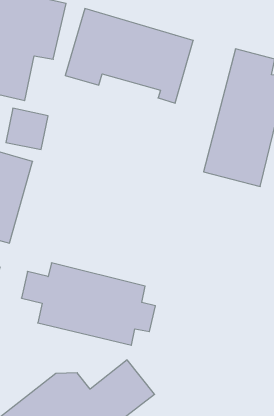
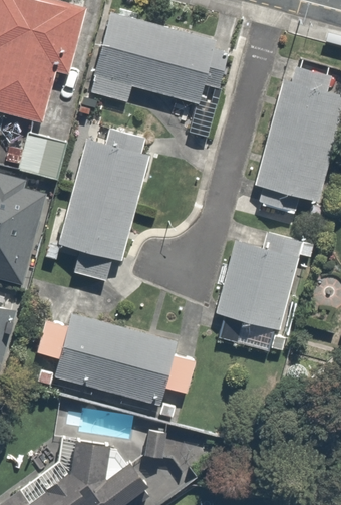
building: none -> [57,125,154,276]
building: none -> [215,239,297,350]

